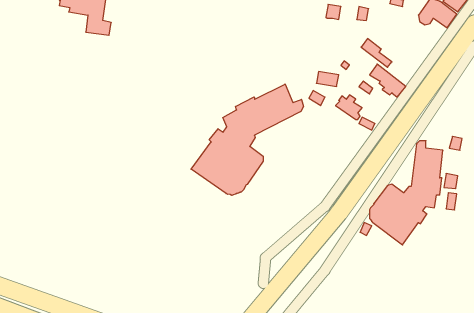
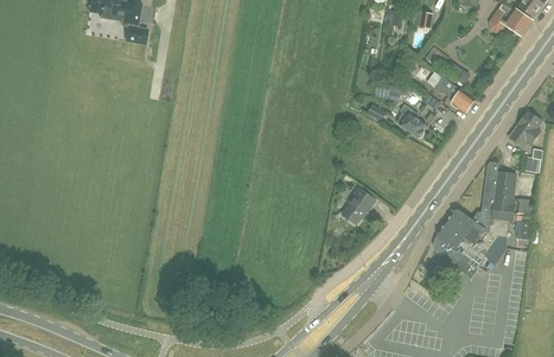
building: [191,84,303,195] -> none
building: none -> [509,110,541,147]
building: none -> [342,187,375,224]

